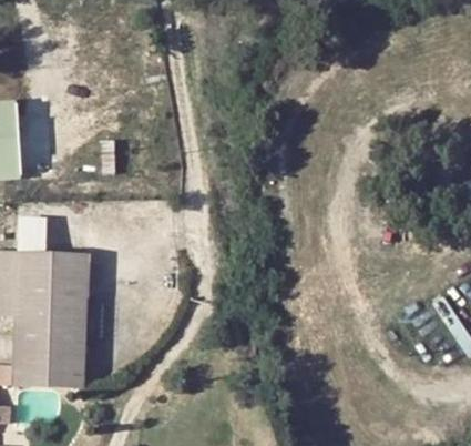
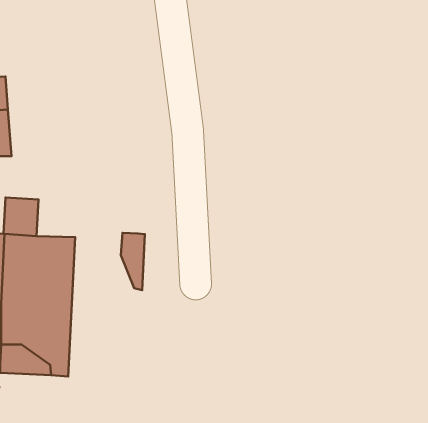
building: none -> [121,233,145,290]

